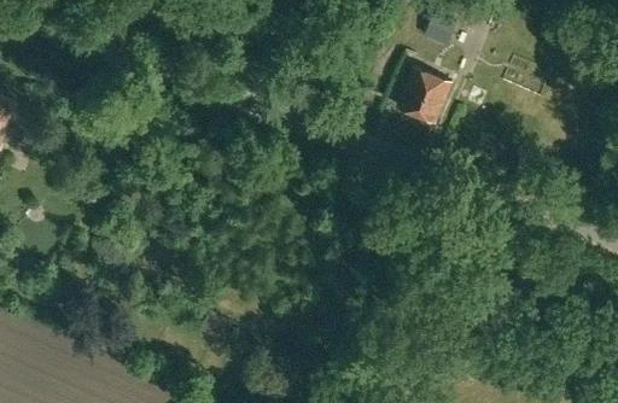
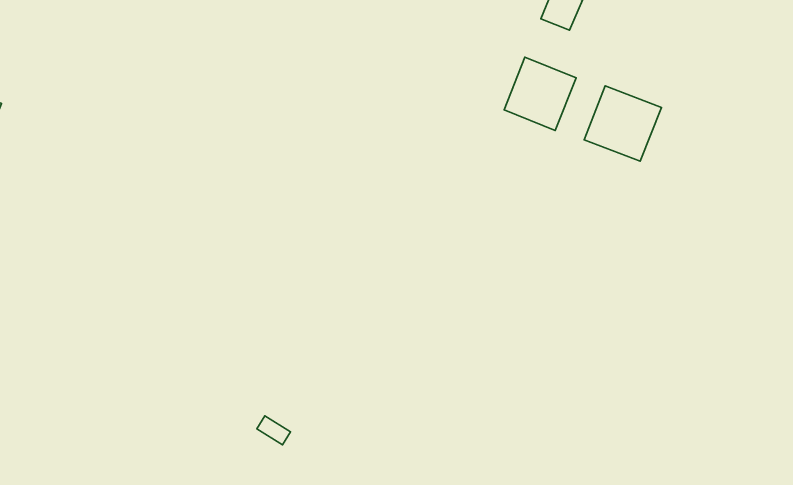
building: none -> [584,86,661,161]

